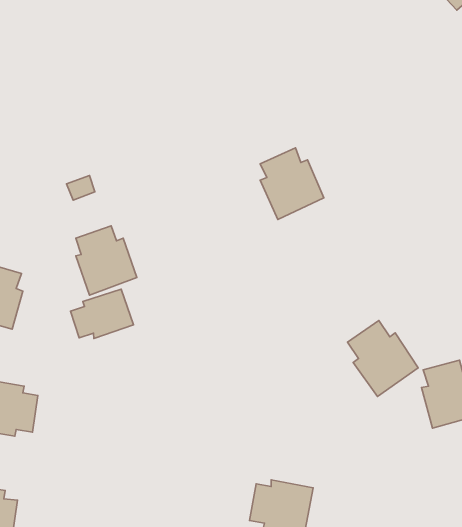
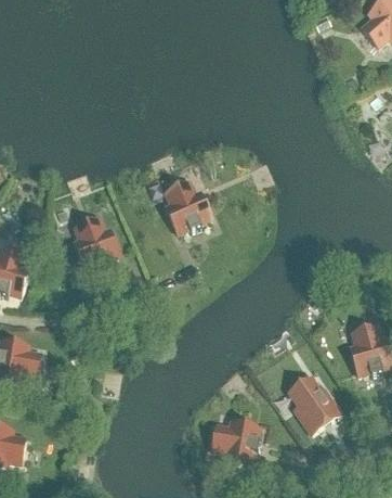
building: [260,148,324,220] -> [164,178,214,235]
building: [70,289,133,338] -> none
building: [348,320,418,396] -> [287,373,343,434]

